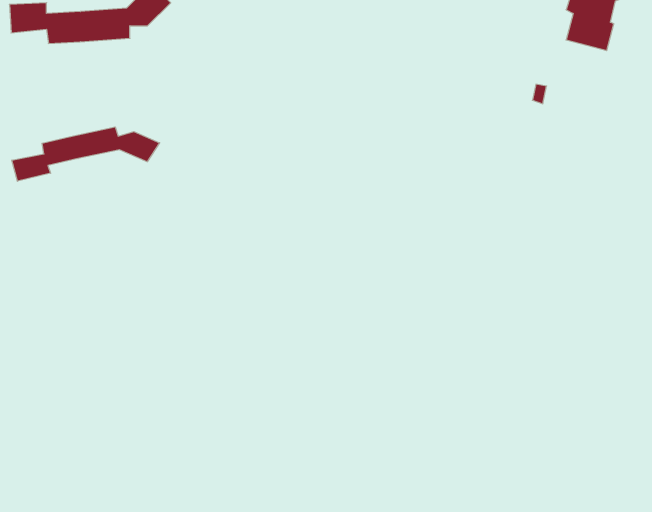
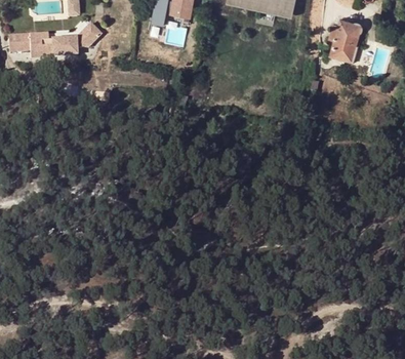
building: [12,127,160,181] -> none

